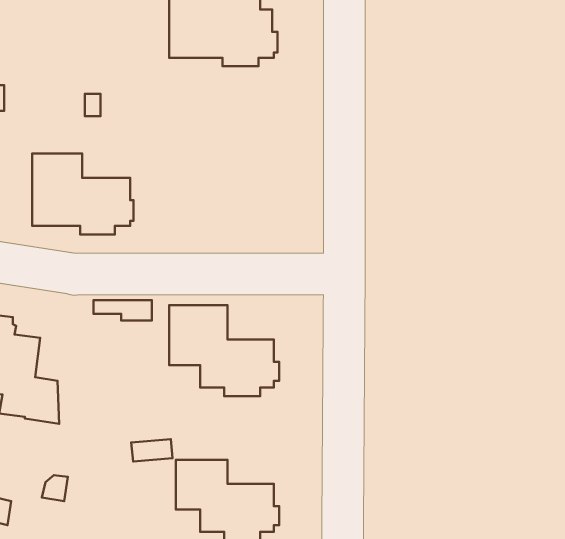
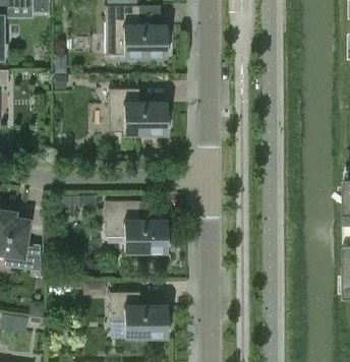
building: [32,154,134,234] -> [109,88,169,136]

